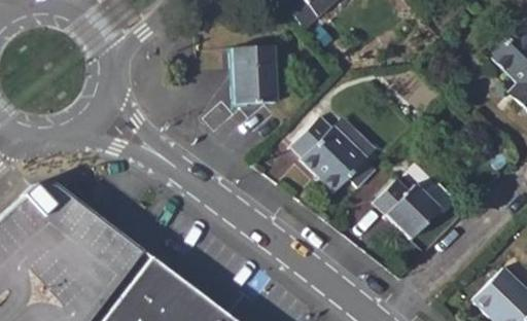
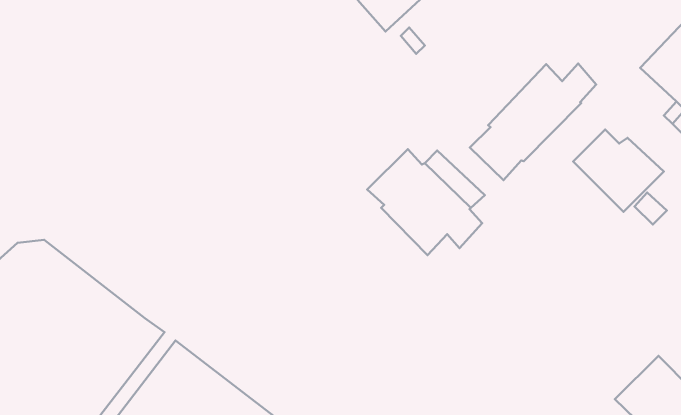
building: [233,46,278,106] -> none
building: none -> [470,64,596,180]
building: [375,179,442,240] -> [573,129,664,212]

